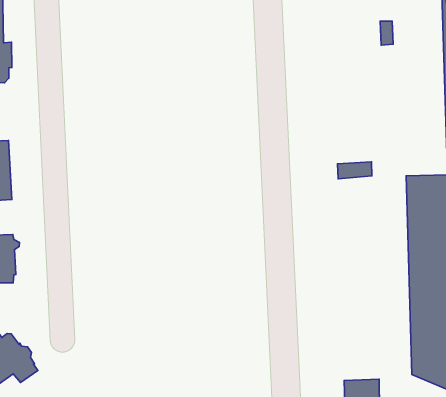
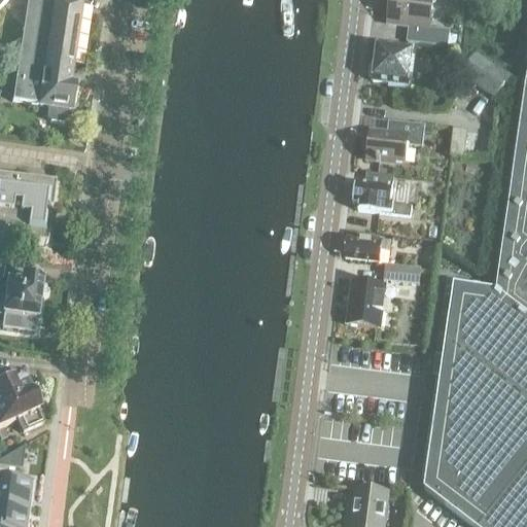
building: none -> [366,115,432,156]
building: none -> [353,166,412,211]
building: none -> [347,233,381,257]
building: none -> [347,276,387,324]

